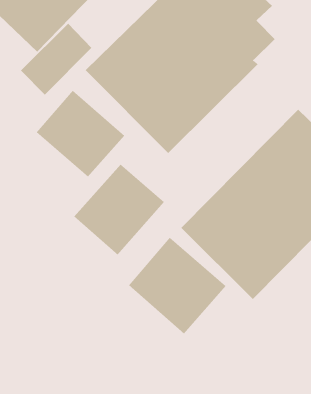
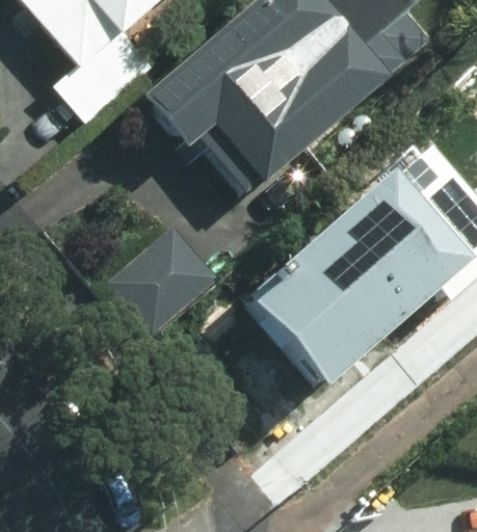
building: [36,90,125,177] -> none
building: [128,237,226,334] -> none

